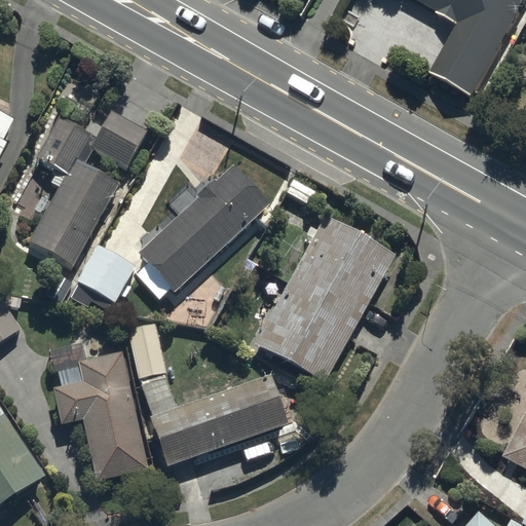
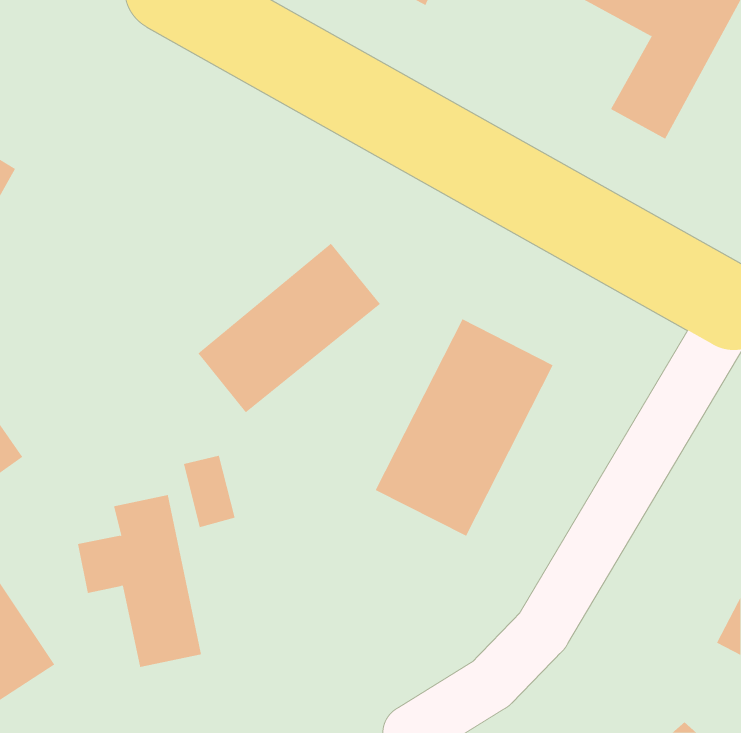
building: [28,115,144,266] -> none
building: [81,247,133,298] -> none
building: [151,372,286,459] -> none

